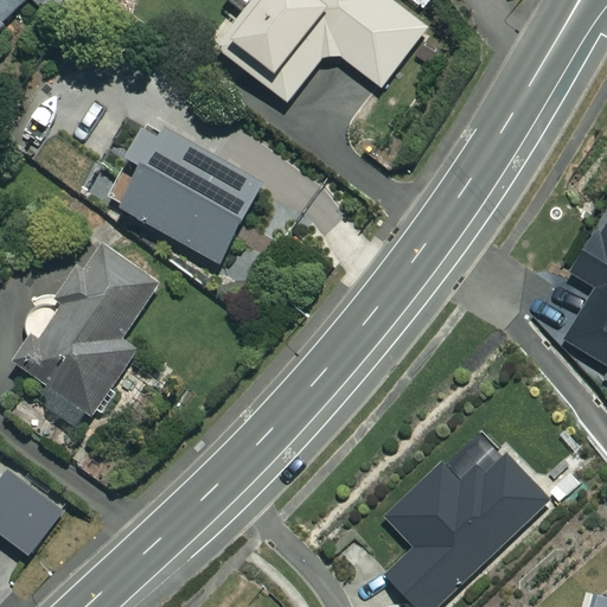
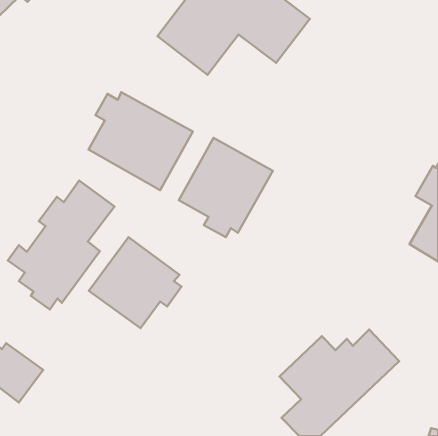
building: none -> [179,138,273,237]
building: none -> [89,237,182,328]

